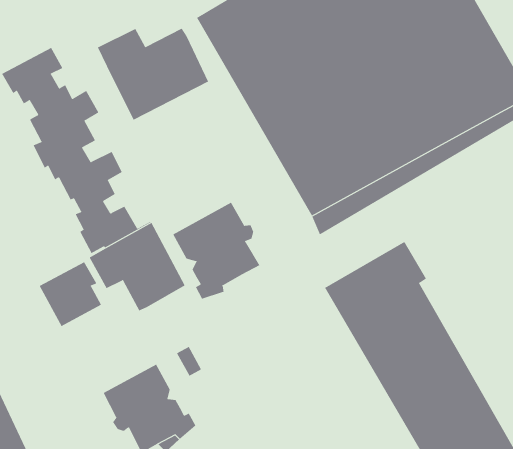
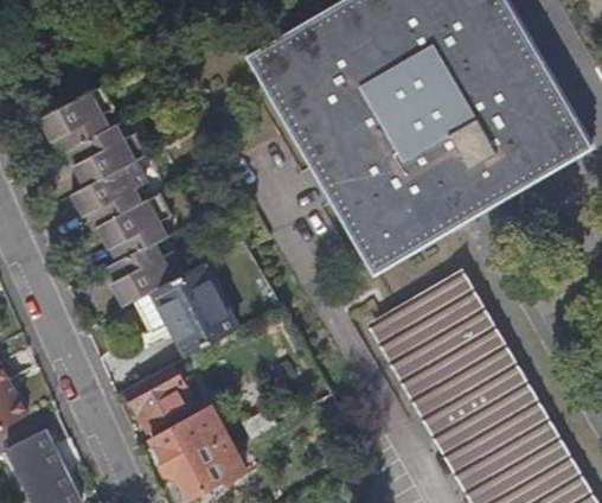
building: [97,28,209,121] -> none
building: [173,202,260,299] -> none
building: [39,261,102,327] -> [124,365,188,432]

